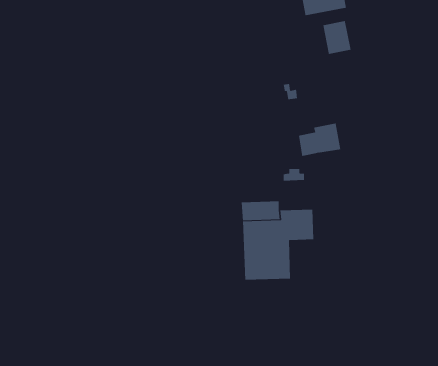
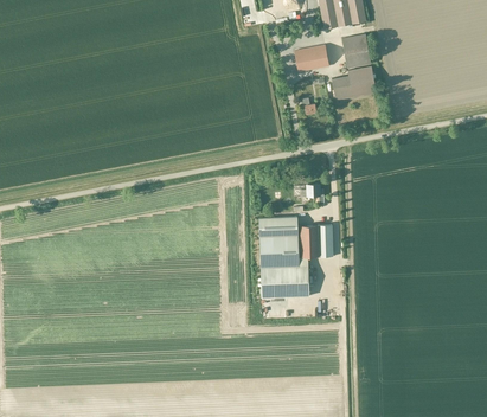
building: none -> [294,45,329,71]
building: [298,123,341,157] -> [332,65,376,100]

